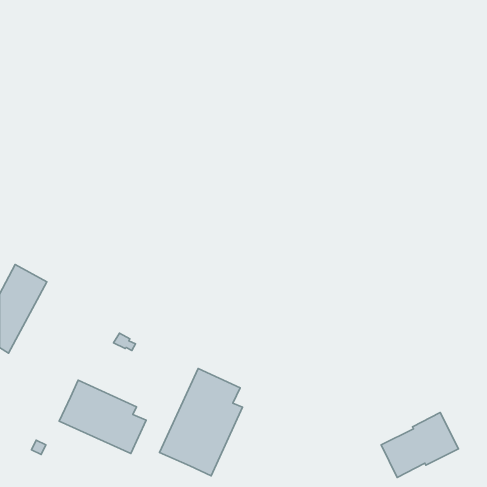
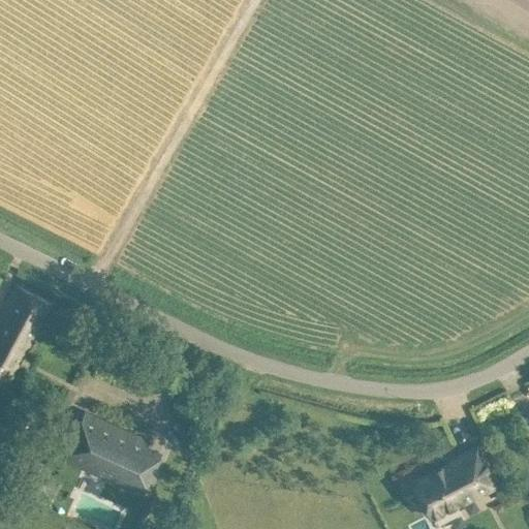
building: [160,369,243,476] -> none

